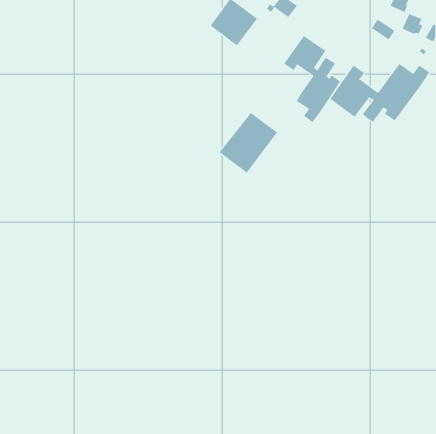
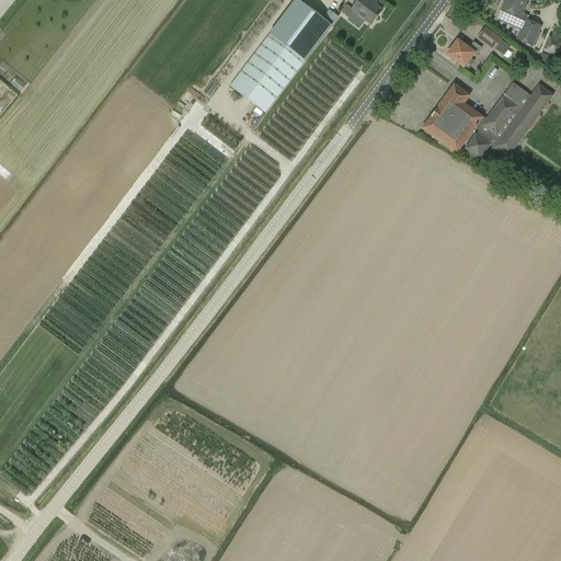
building: none -> [447,39,482,66]
building: [284,35,341,123] -> none
building: [219,112,278,173] -> [229,33,305,112]

